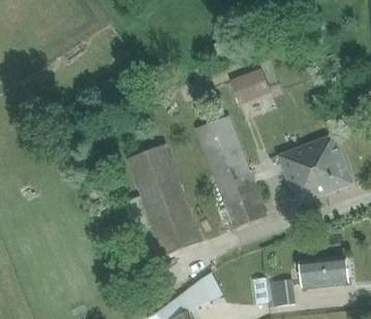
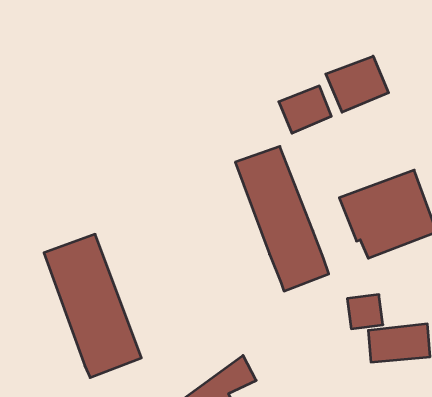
building: none -> [326,56,389,112]
building: [126,145,203,257] -> [44,234,141,378]
building: [268,281,296,308] -> [347,295,383,329]

